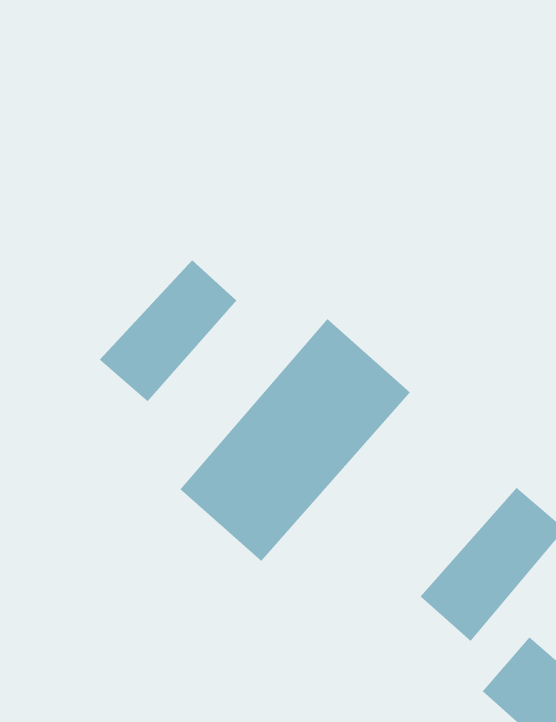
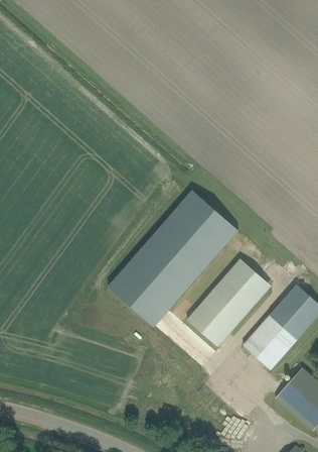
building: [99,259,237,402] -> none
building: none -> [192,254,277,344]

